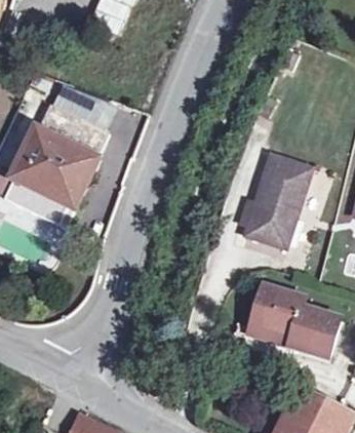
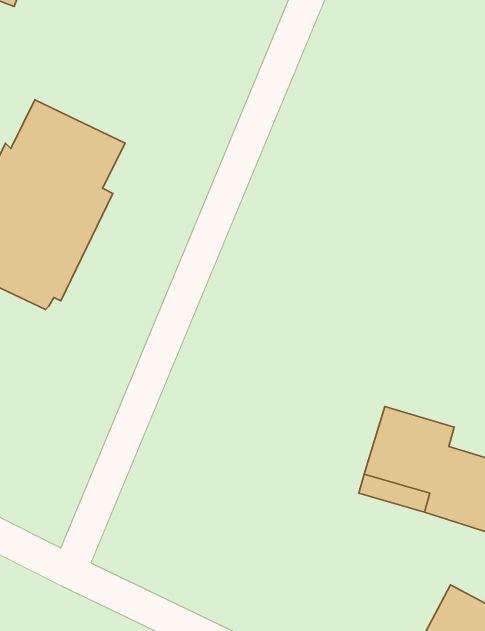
building: [243,151,314,245] -> none

